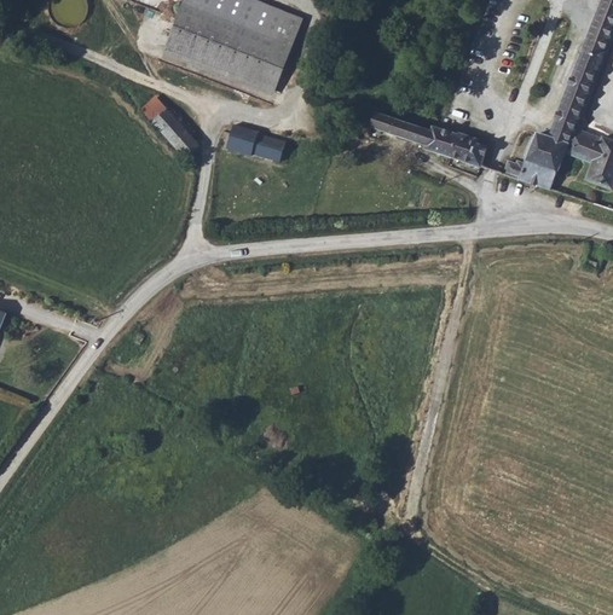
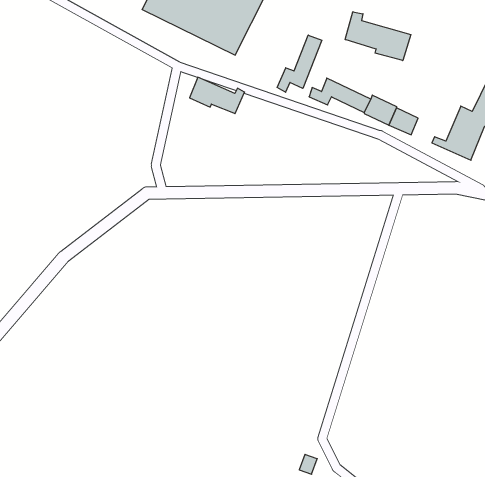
building: none -> [345,12,411,61]
building: none -> [277,35,322,92]
building: [140,94,201,158] -> none

